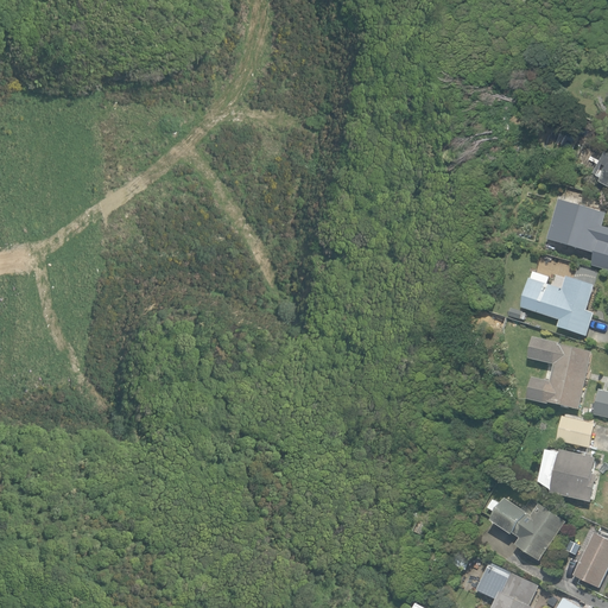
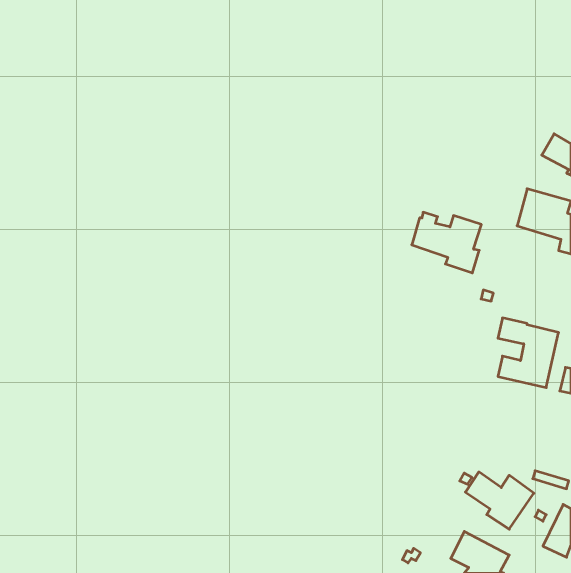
building: [520,272,594,336] -> [412,212,481,273]
building: [556,416,593,448] -> none
building: [550,450,595,501] -> none

